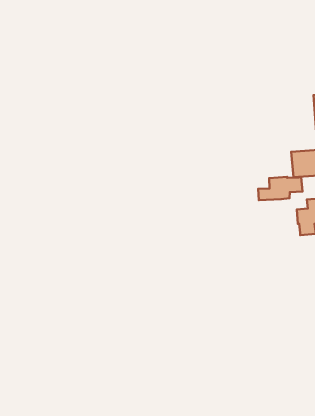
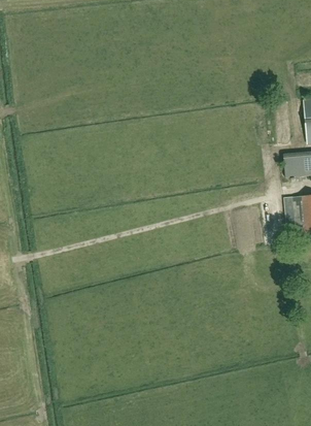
building: [258,177,302,200] -> none

